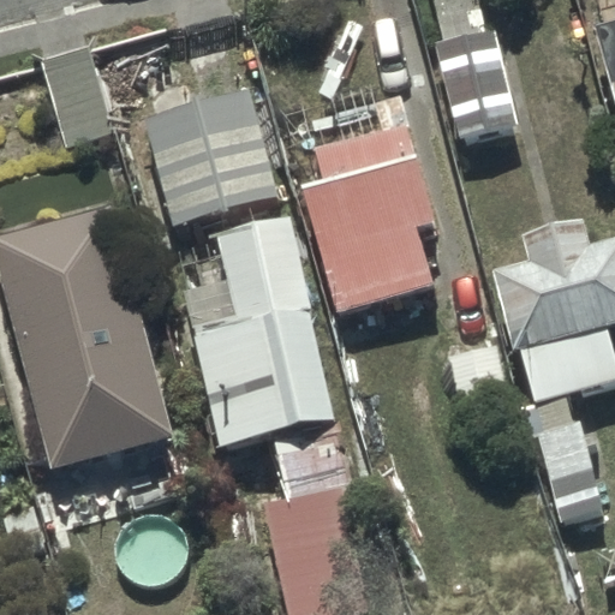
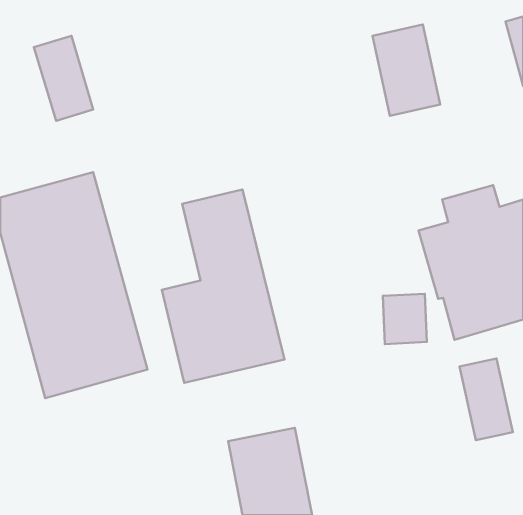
building: [143,90,275,225] -> none
building: [300,123,436,311] -> none

